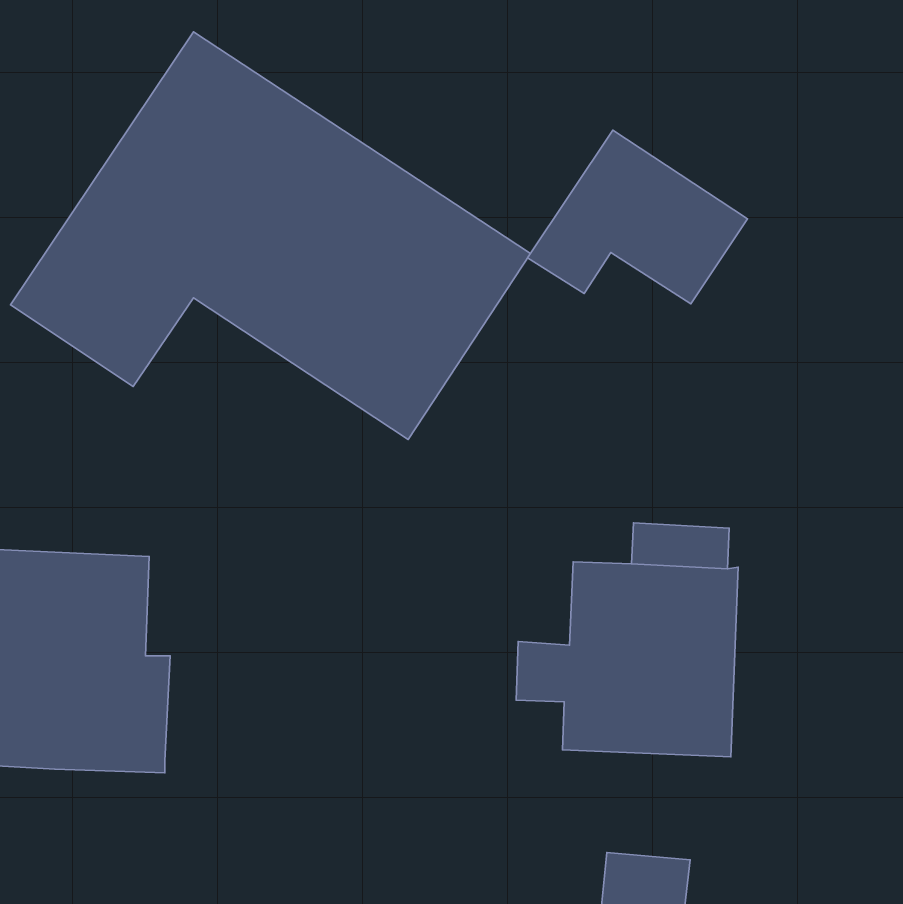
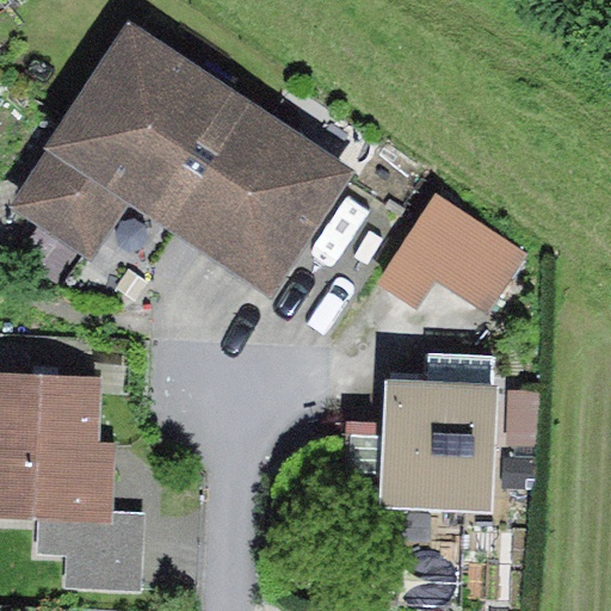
building: [528,130,748,304] -> [378,196,526,313]
building: none -> [35,513,143,592]

